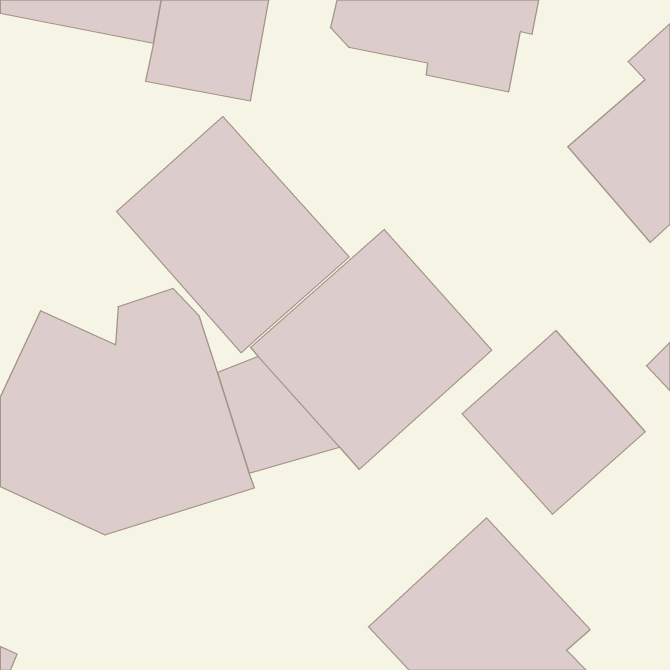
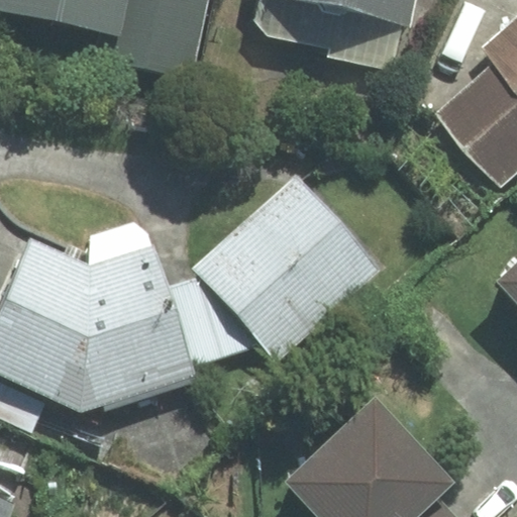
building: [117,117,349,353] -> none
building: [462,331,645,514] -> none

